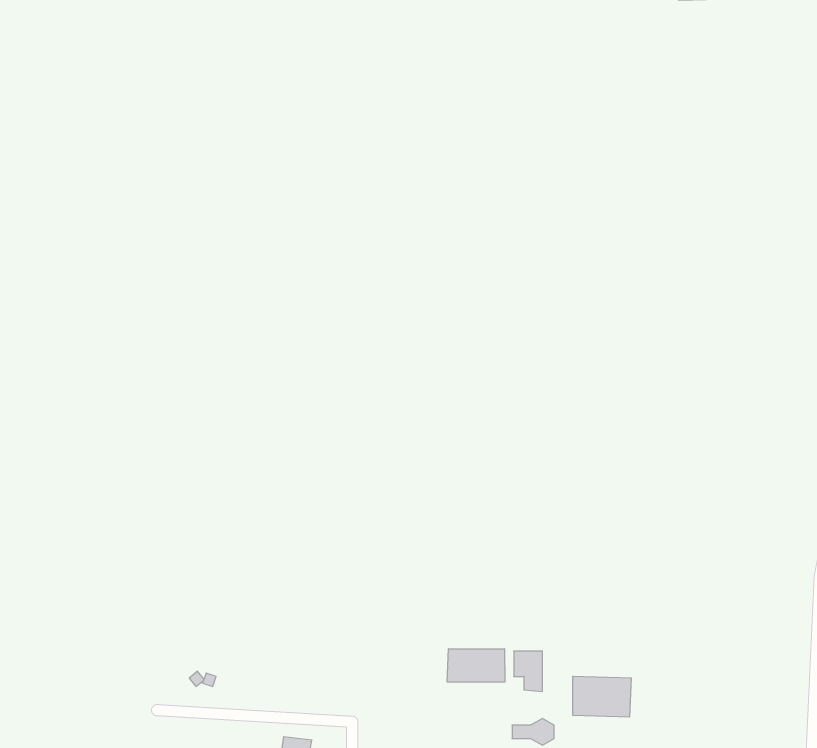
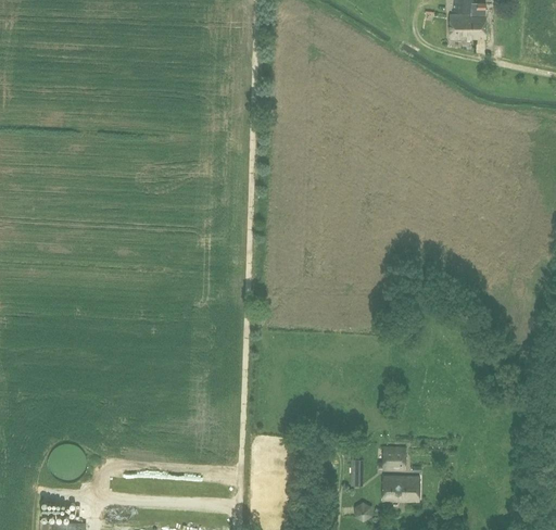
building: none -> [383,445,405,468]
building: [447,649,505,682] -> none

